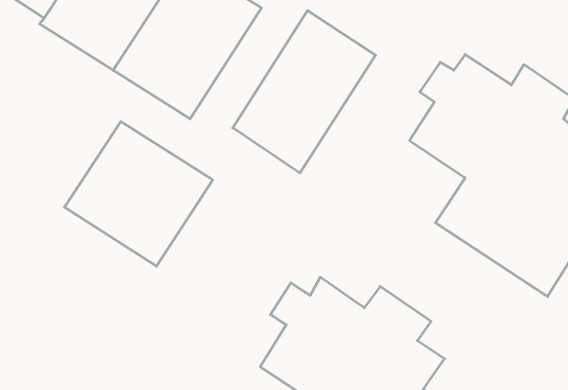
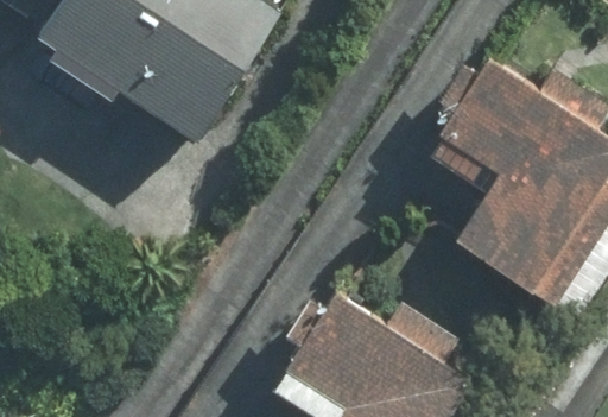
building: [233,11,376,173] -> none
building: [64,122,213,266] -> none

